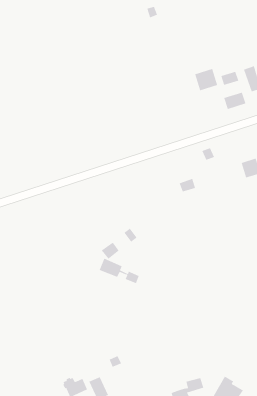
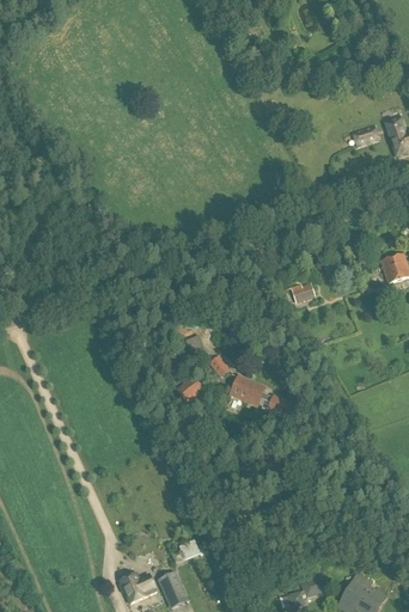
building: [194,68,218,91] -> none
building: [224,92,246,110] -> none
building: [99,258,140,284] -> [231,375,291,414]

